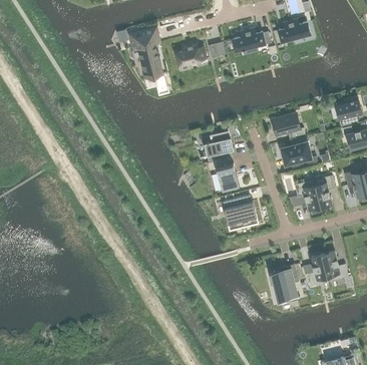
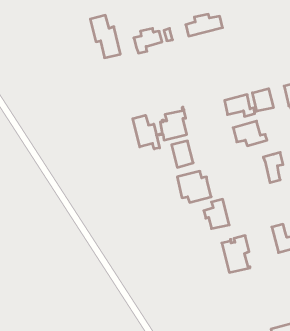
building: [278,19,310,40] -> none
building: none -> [252,89,273,111]
building: none -> [133,115,160,149]
building: [289,179,320,210] -> none
building: [302,254,329,285] -> [204,199,229,229]

